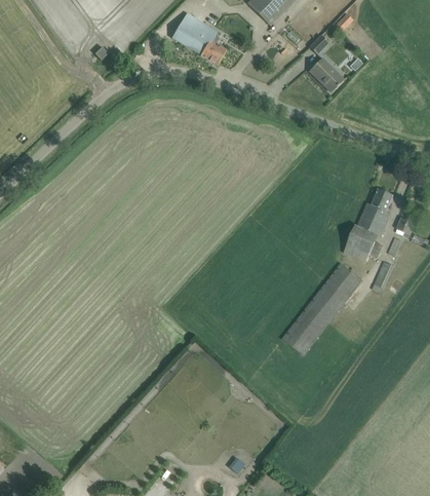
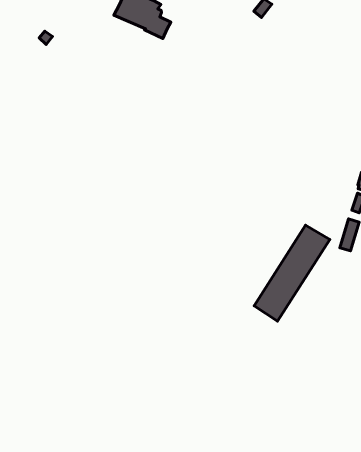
building: [309,58,343,91] -> none
building: [344,188,393,261] -> none

